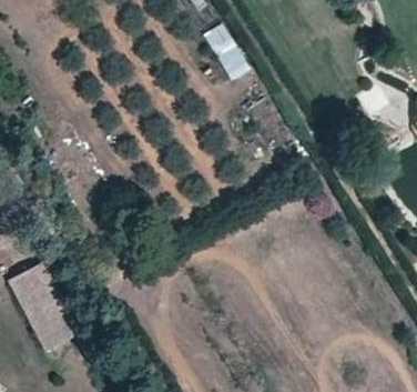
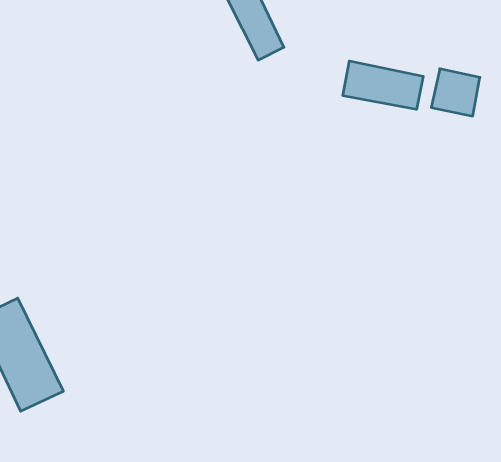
building: none -> [343,61,423,109]

